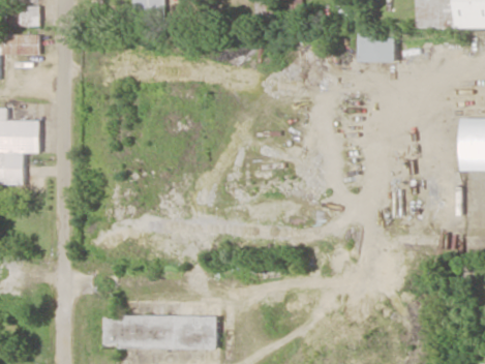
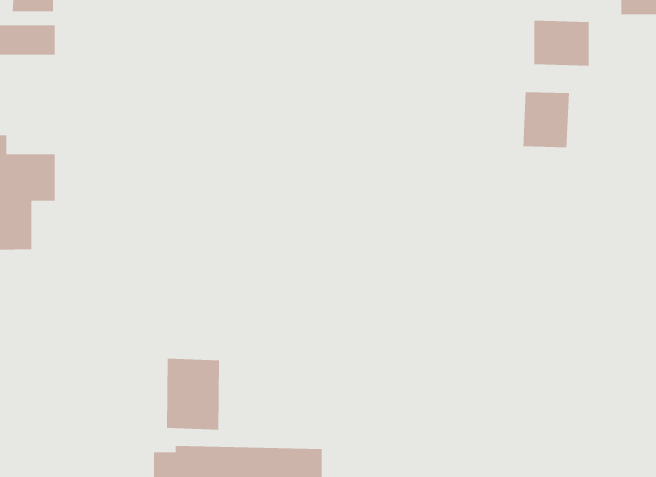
building: none -> [522,91,570,148]
building: none -> [166,358,220,430]

